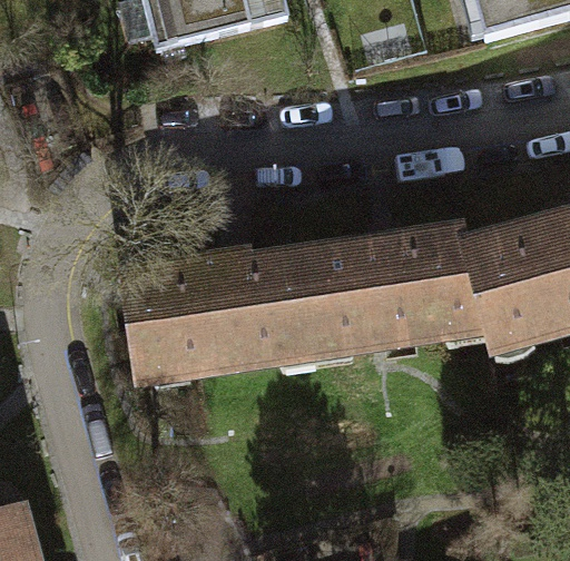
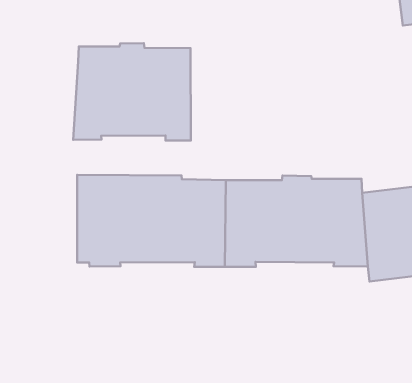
building: none -> [73,43,191,141]

